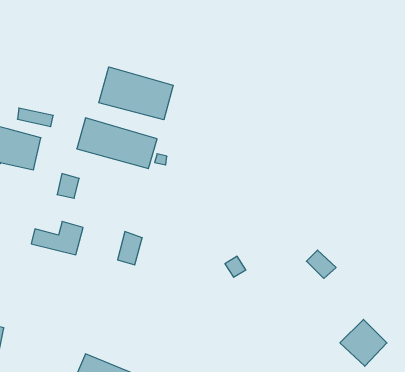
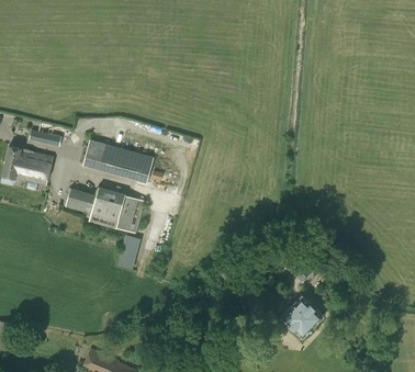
building: [99,67,173,120] -> none
building: [31,221,83,255] -> [91,194,137,224]
building: [340,319,387,366] -> [281,296,323,338]

